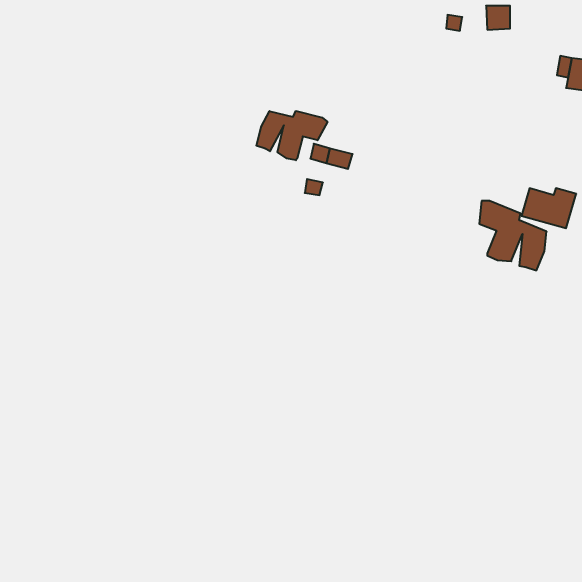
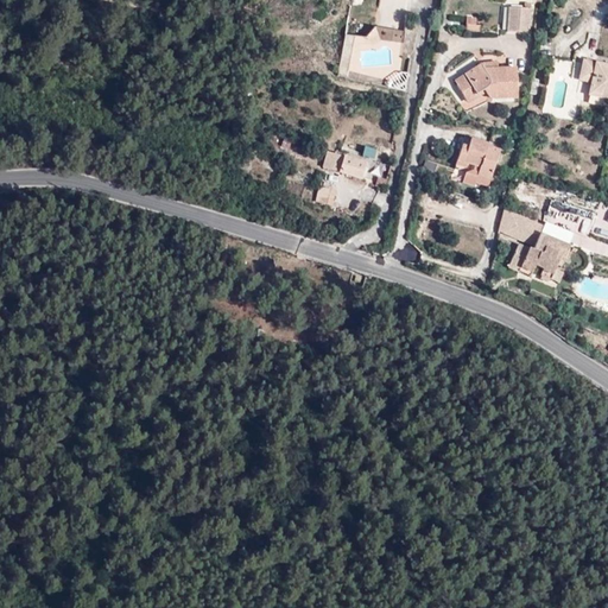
building: none -> [452,56,521,114]
building: [256,111,327,160] -> none
building: none -> [455,133,501,188]

